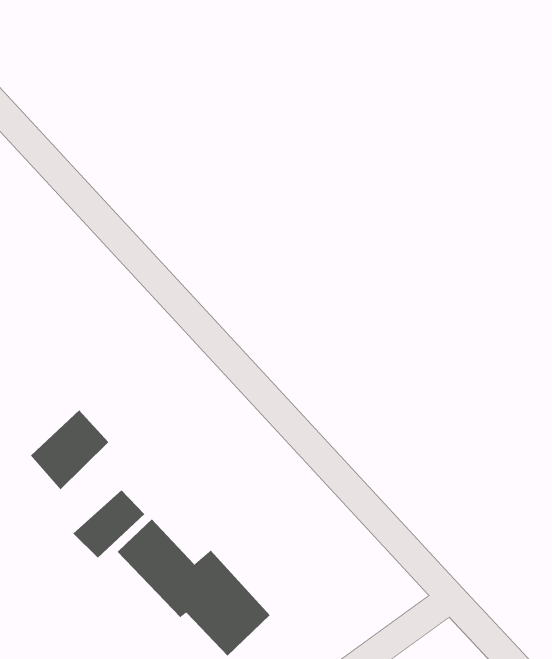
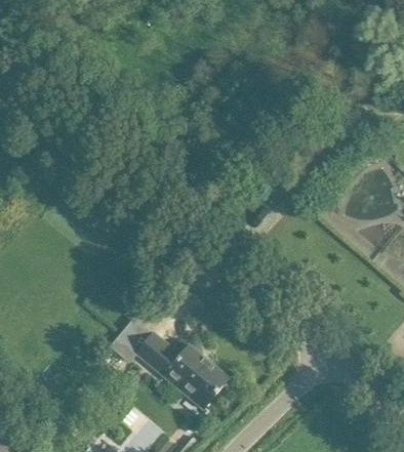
building: [30,409,109,490] -> none

